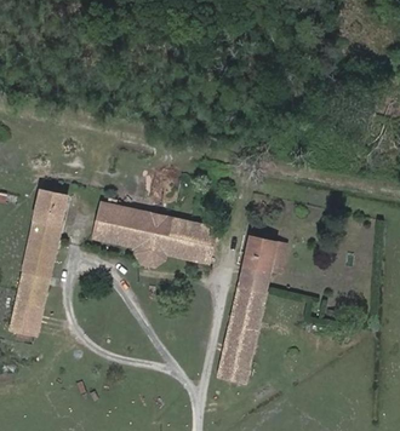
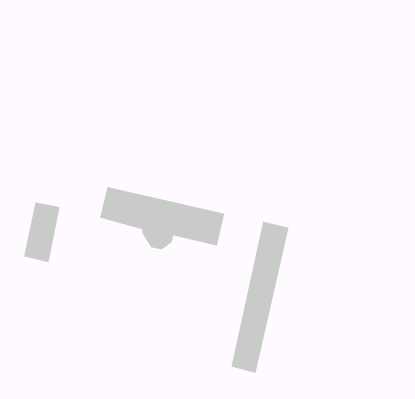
building: [35,188,67,222] -> none
building: [11,269,48,332] -> none

